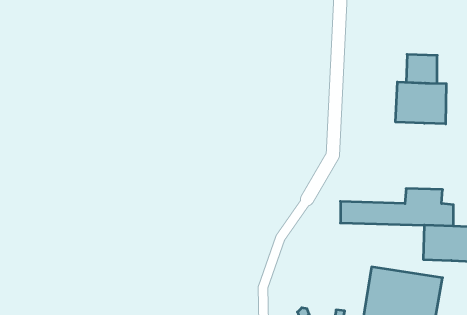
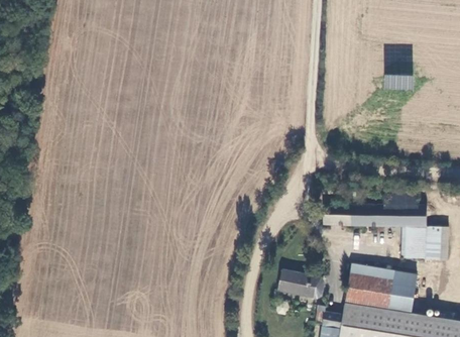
building: [396,82,446,124] -> none
building: none -> [277,270,322,299]

